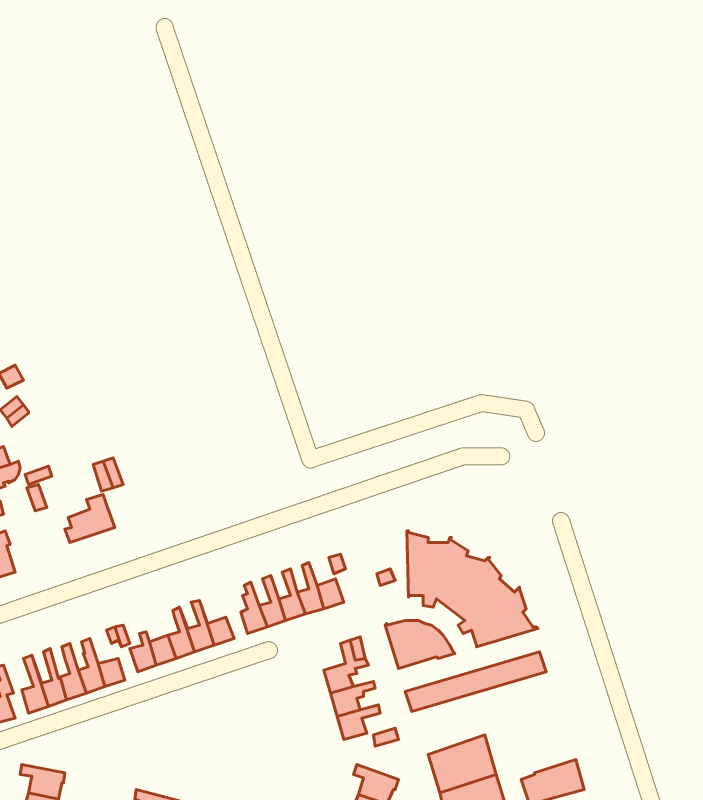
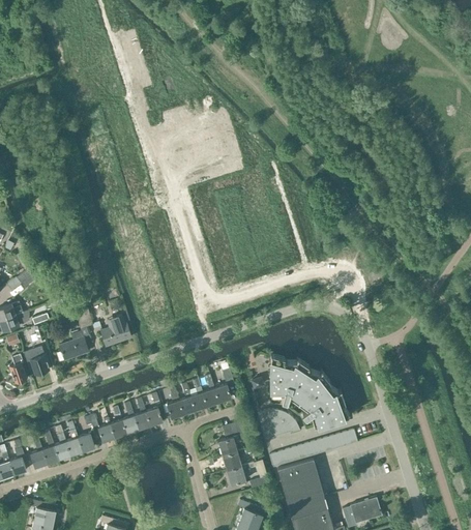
building: none -> [100,315,130,346]
building: none -> [24,347,48,376]
building: none -> [277,459,319,494]

